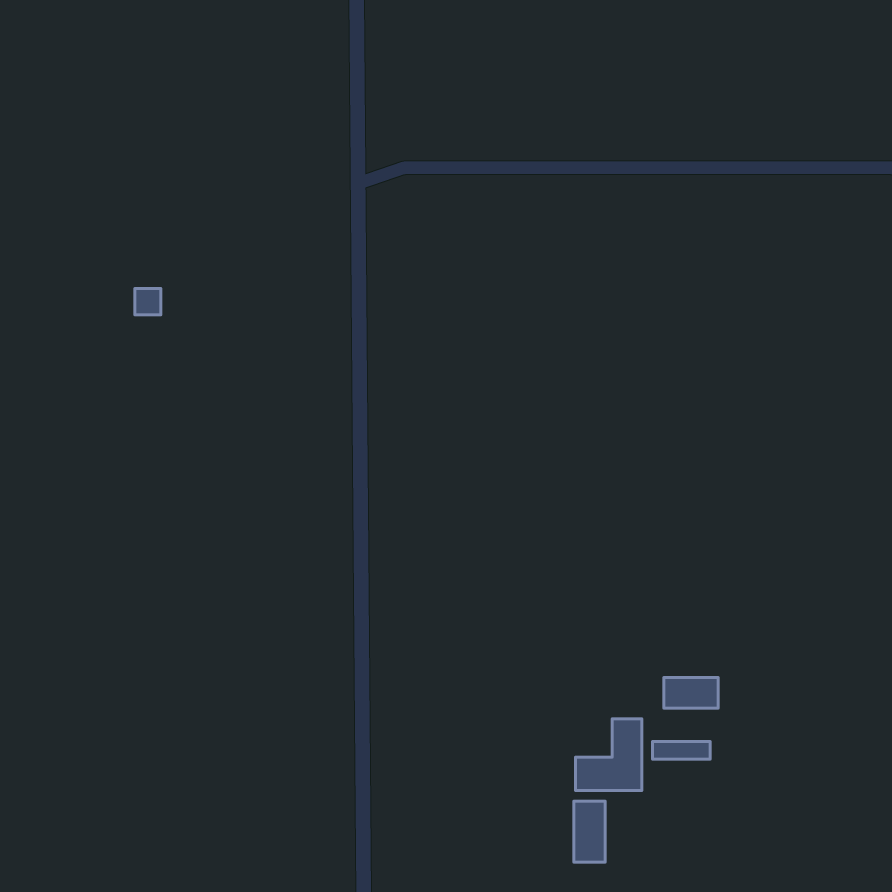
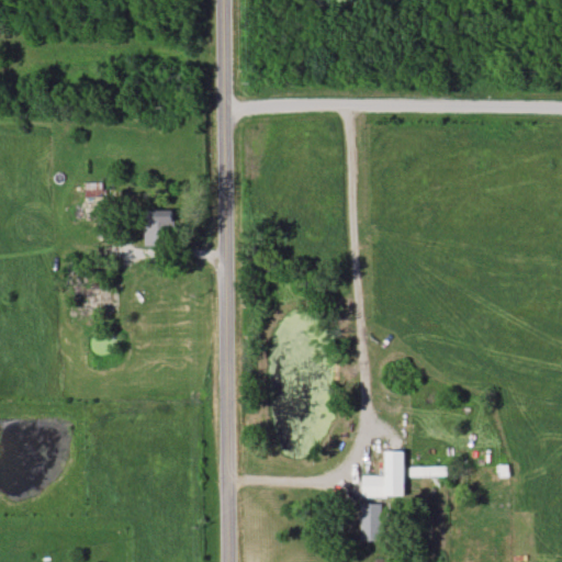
building: none -> [144,210,172,245]
building: [664,677,718,708] -> none

